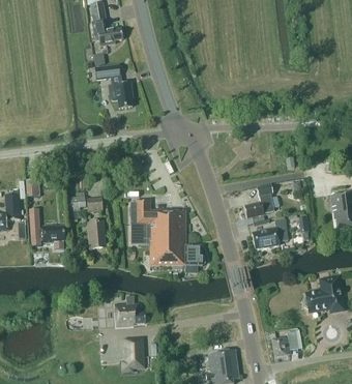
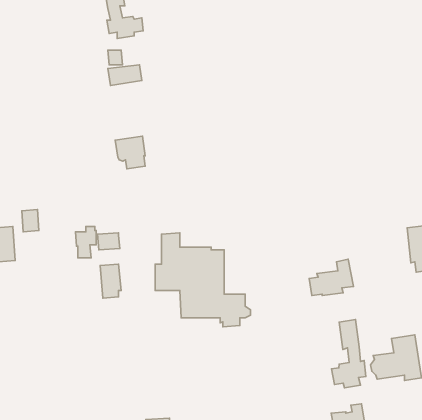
building: [109,80,133,106] -> [115,136,145,169]
building: [244,183,274,217] -> none
building: [30,219,65,247] -> none
building: none -> [332,320,366,388]
building: [114,294,145,326] -> none

